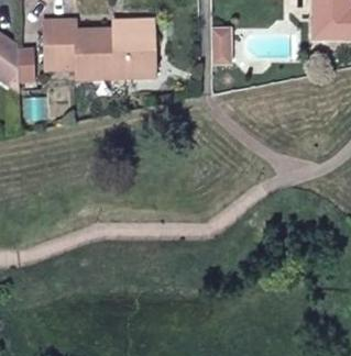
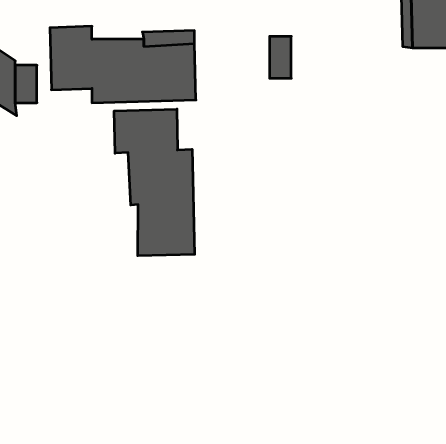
building: none -> [114,109,195,256]

